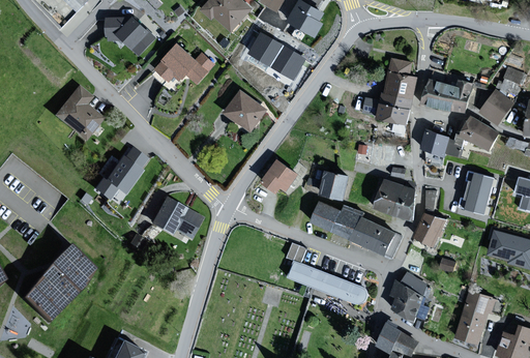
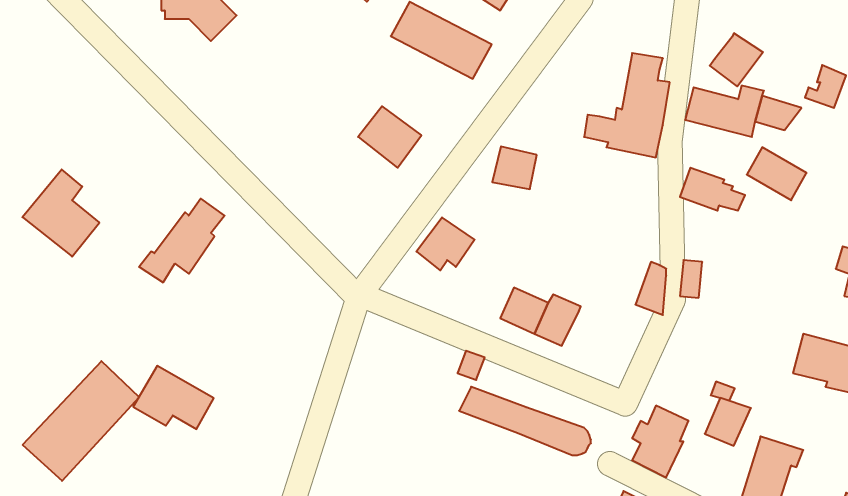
building: [155,46,211,82] -> none
building: [54,87,100,140] -> [22,169,99,257]
building: [481,92,513,124] -> [710,33,763,86]
building: [321,172,348,198] -> [492,146,537,189]
building: [466,173,493,212] -> none
building: [376,181,404,213] -> none
building: [151,199,200,237] -> [133,366,214,429]
building: [416,215,444,244] -> [705,398,751,446]
building: [350,217,395,255] -> none

